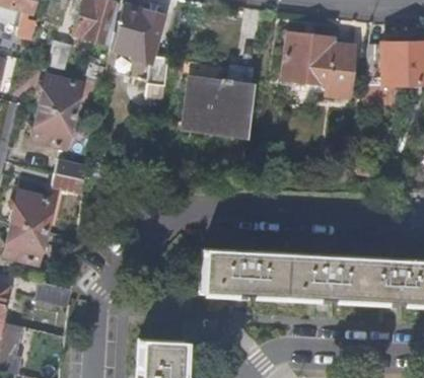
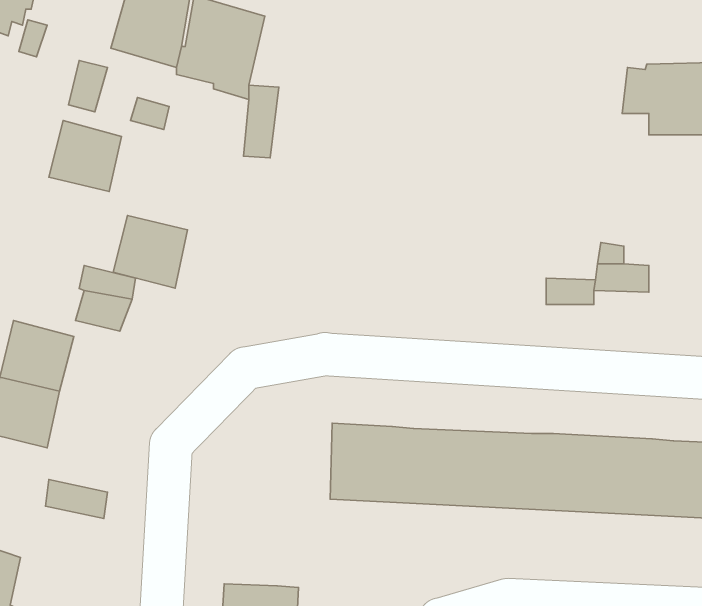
building: [284,33,356,97] -> none
building: [186,78,253,138] -> none
building: [31,108,74,150] -> [113,216,187,288]

